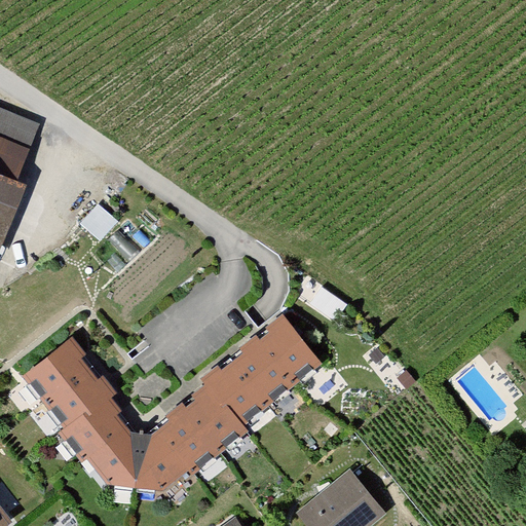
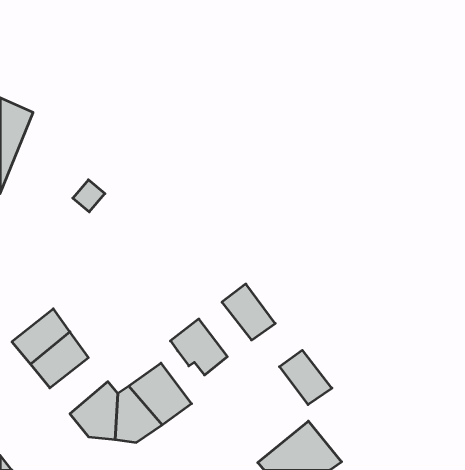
building: [228,337,287,398] -> [279,350,332,405]
building: [186,391,245,450] -> none
building: [62,399,126,461] -> none

